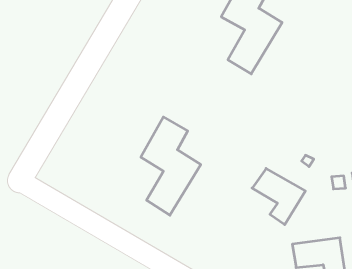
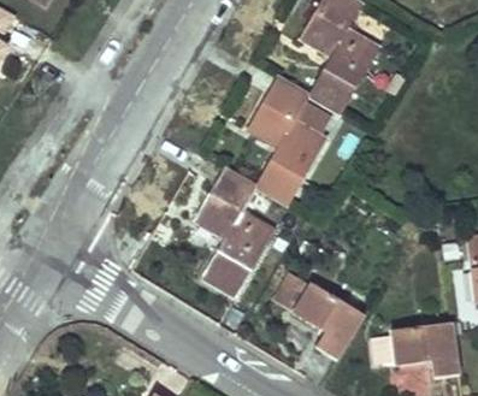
building: none -> [250,77,326,205]
building: [252,168,305,225] -> [295,285,364,357]

